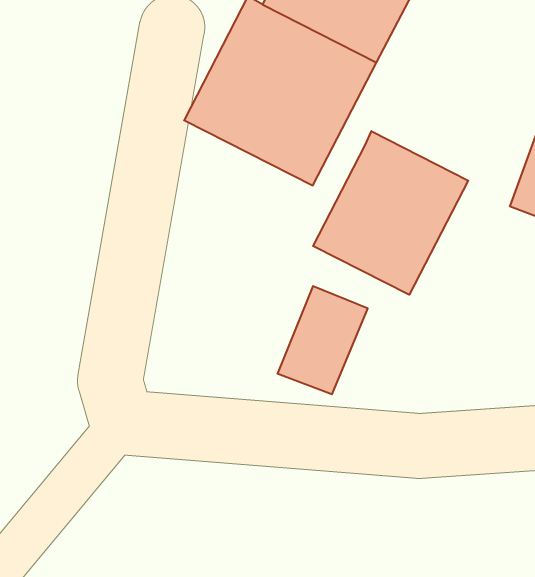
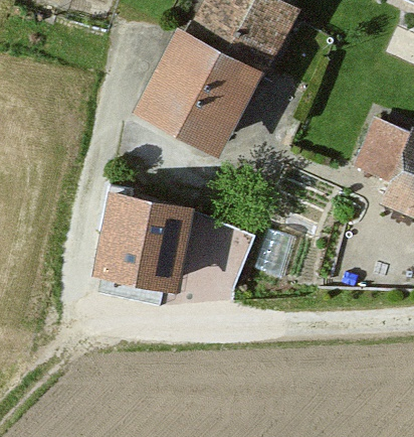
building: [313,131,468,295] -> none
building: none -> [91,183,195,291]

